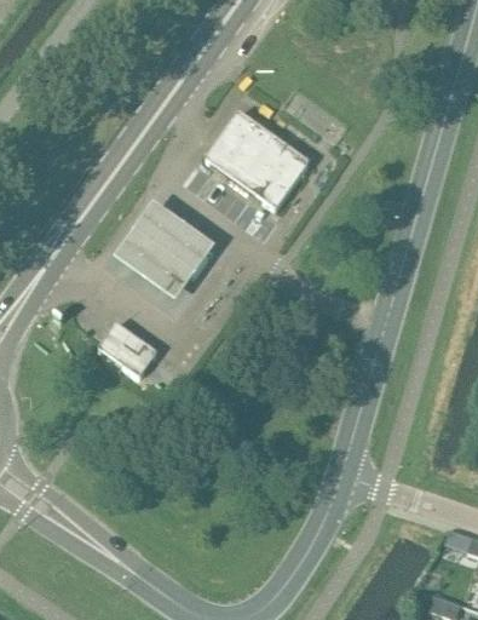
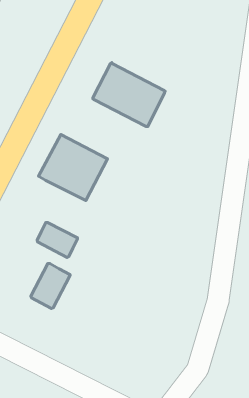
building: none -> [31,263,70,309]

